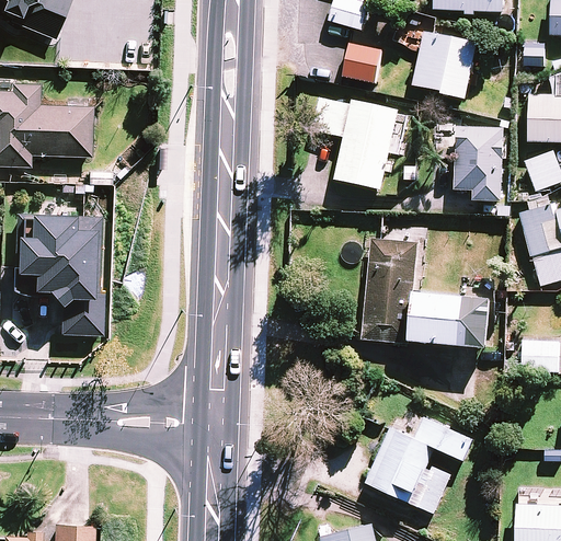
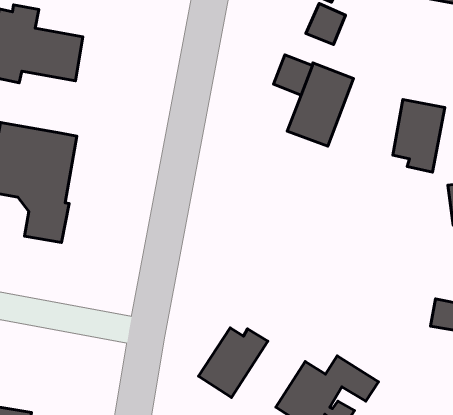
building: [412,32,477,100] -> none
building: [362,237,489,349] -> none
building: none -> [198,328,268,397]

